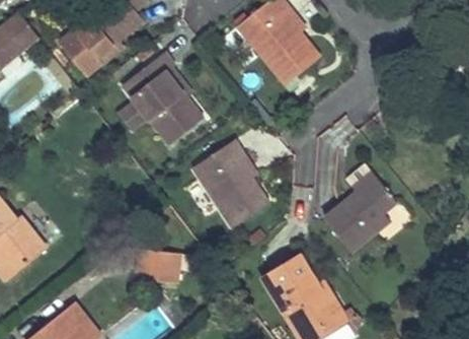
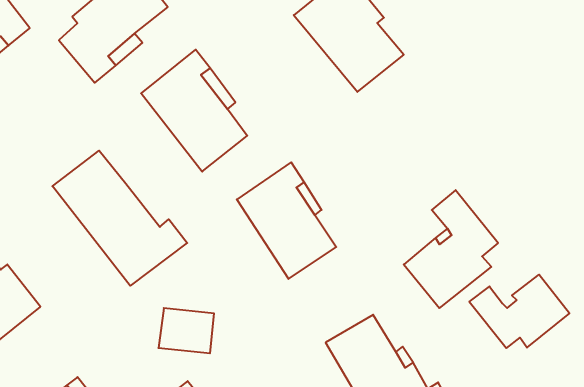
building: none -> [52,151,187,286]
building: none -> [469,275,569,348]

